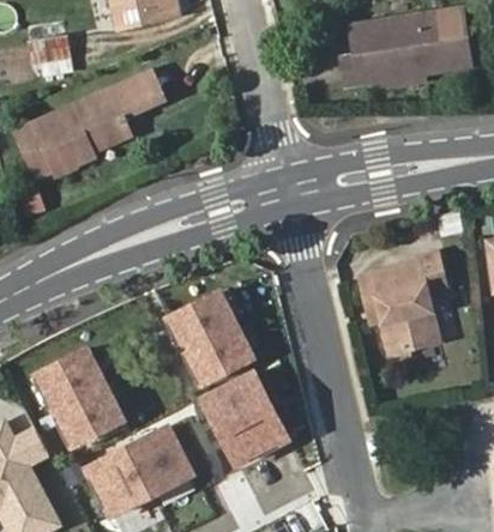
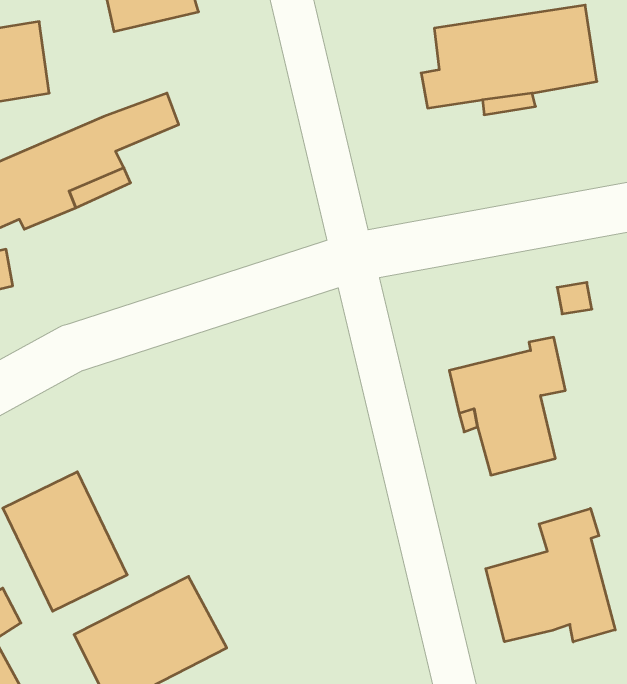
building: [167,289,258,388] -> none
building: [201,370,291,470] -> none
building: none -> [486,508,615,642]

